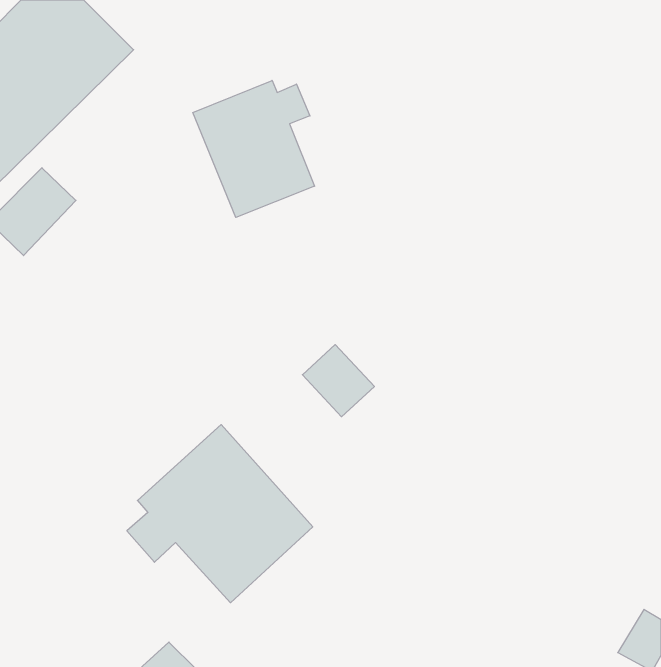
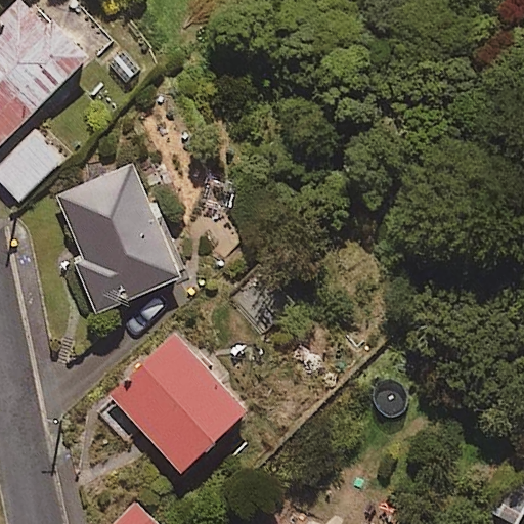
building: [193,80,315,217] -> none
building: none -> [57,164,182,312]

